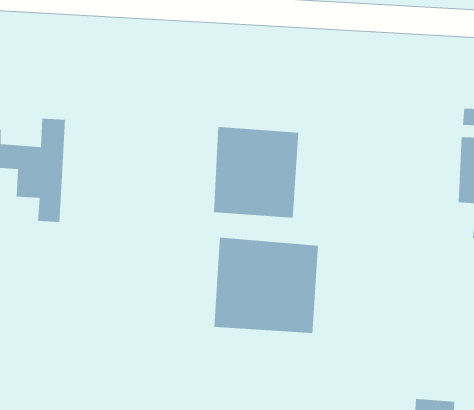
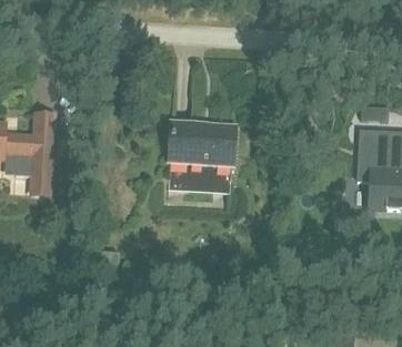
building: [214,237,318,334] -> none

